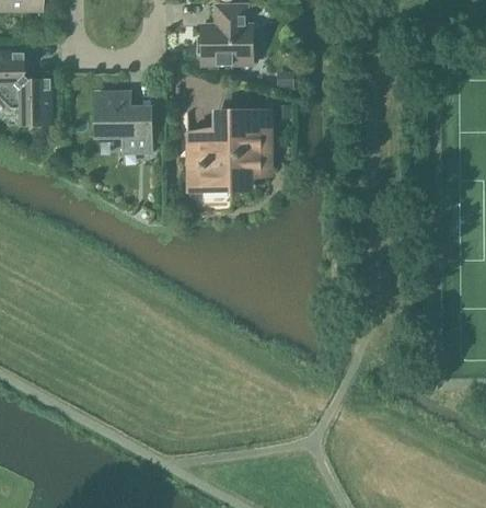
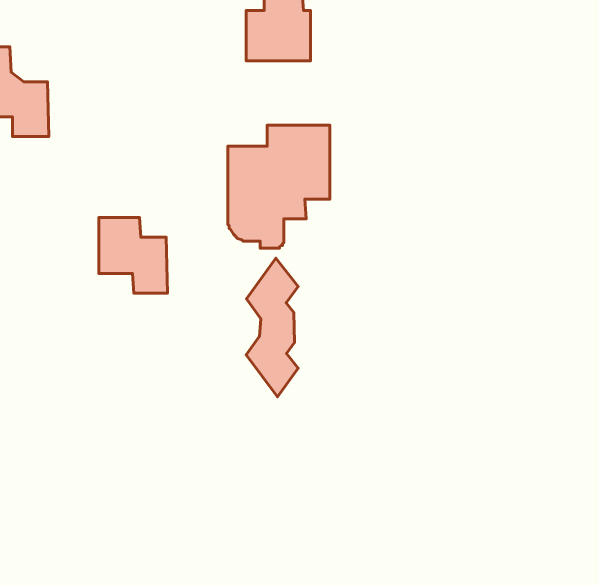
building: [96,91,150,150] -> [99,218,168,293]
building: none -> [246,258,298,397]

